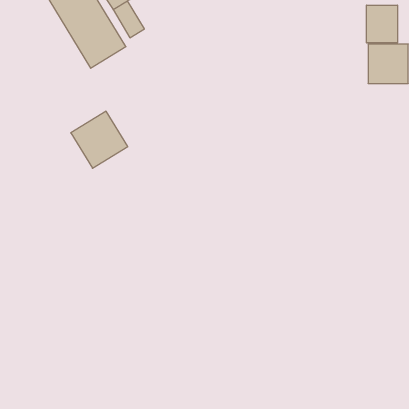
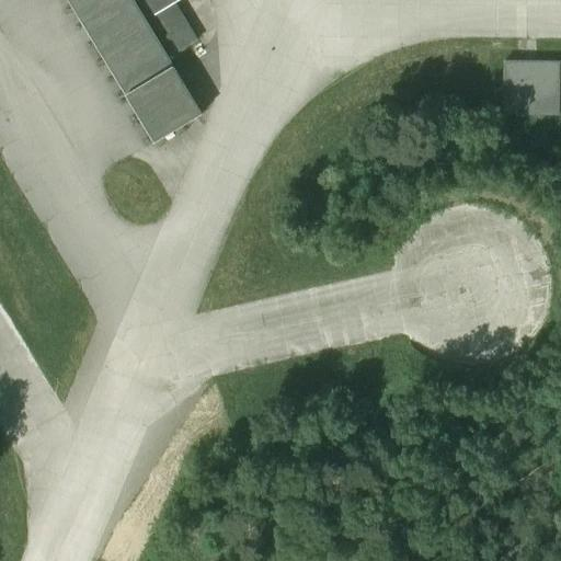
building: [367,5,397,43] -> none
building: [71,111,128,168] -> [125,64,203,141]

